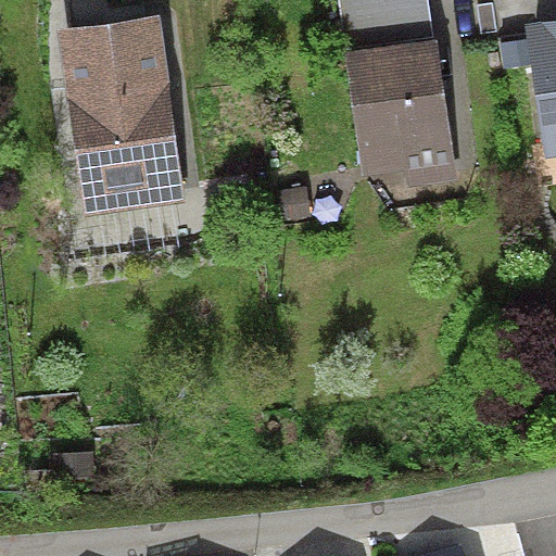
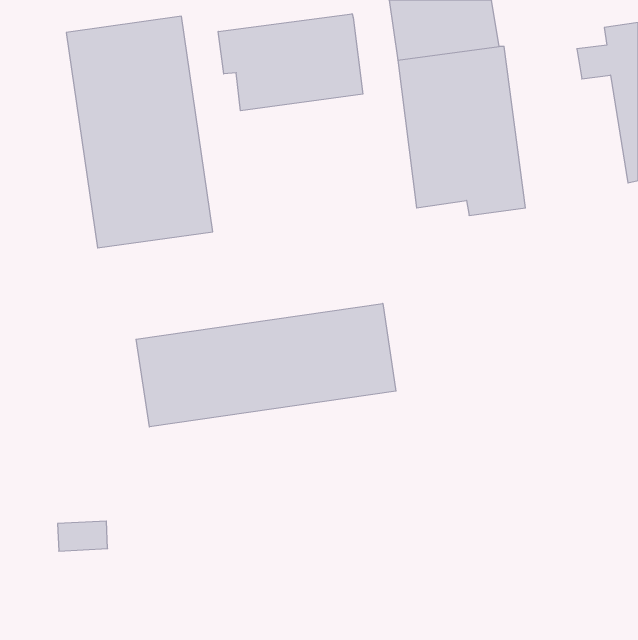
building: none -> [218,14,363,111]
building: none -> [136,303,396,427]

